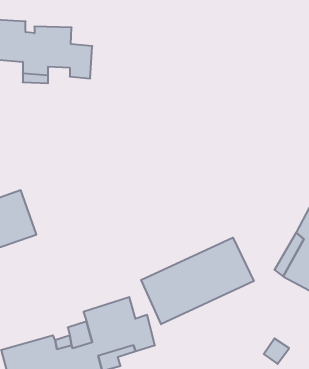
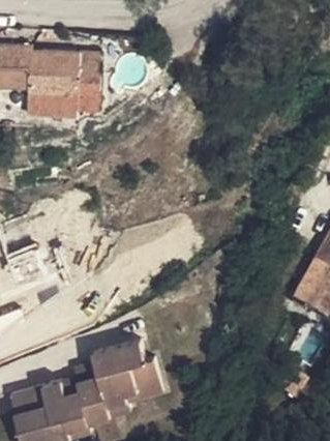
building: [141,238,254,324] -> none

